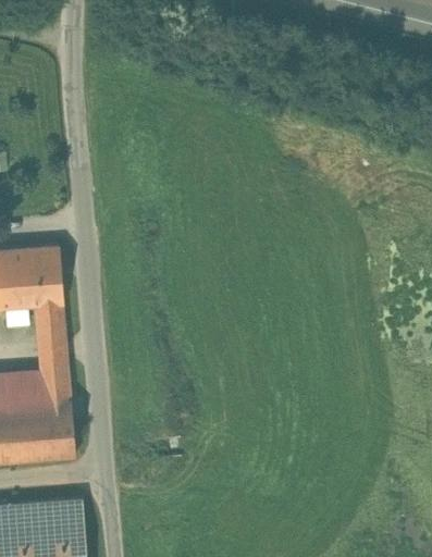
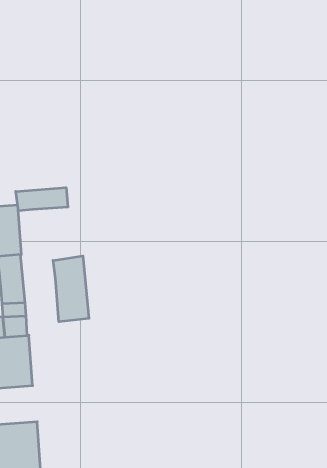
building: none -> [16,188,68,211]
building: none -> [53,256,89,322]

